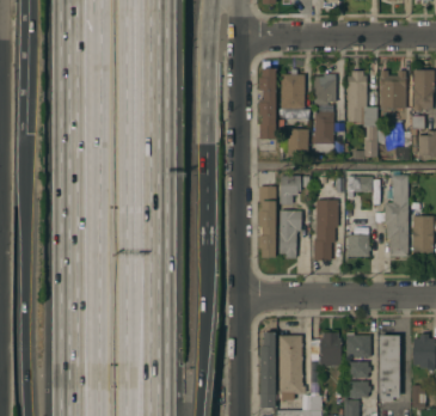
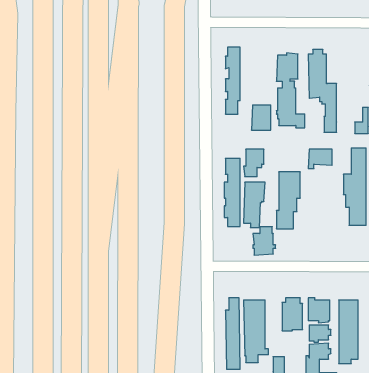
building: [281,71,303,108] -> none
building: [380,71,405,108] -> none
building: [346,227,370,257] -> [253,227,276,255]

